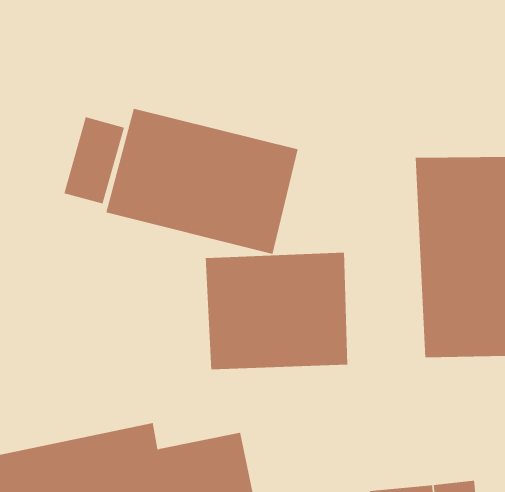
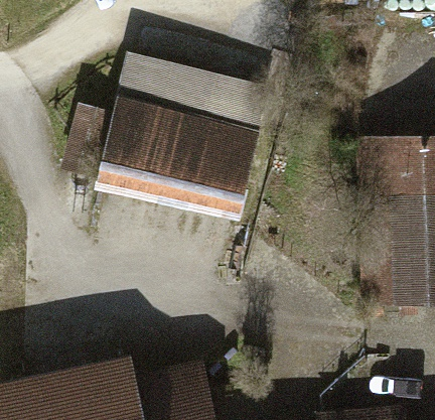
building: none -> [118,51,268,129]
building: [205,252,348,370] -> none

